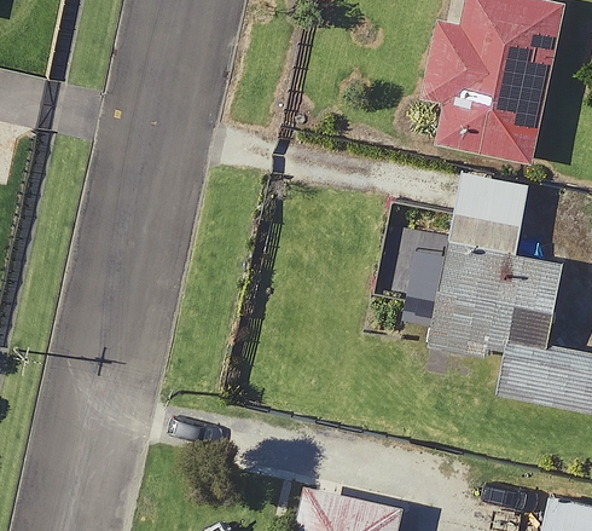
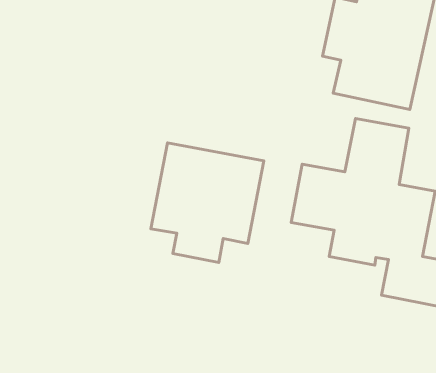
building: none -> [151,143,264,263]

